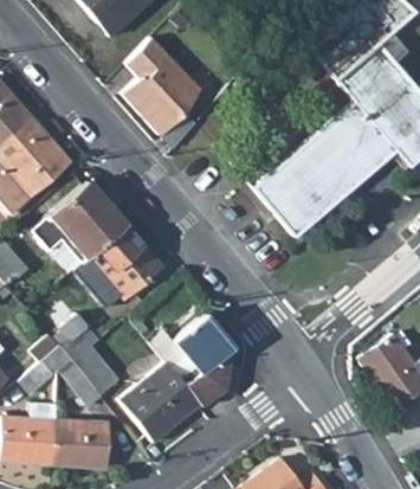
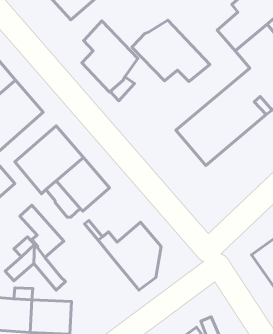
building: none -> [132,20,210,82]
building: [75,346,121,394] -> none
building: [121,362,201,442] -> none

